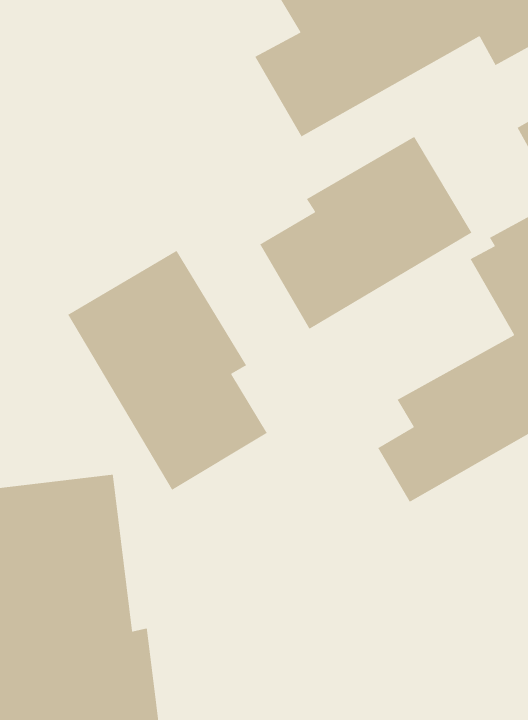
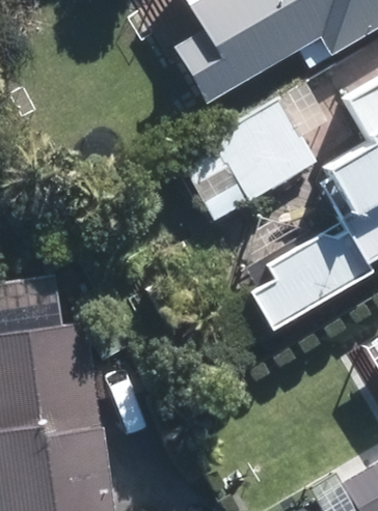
building: [67,250,268,491] -> none

